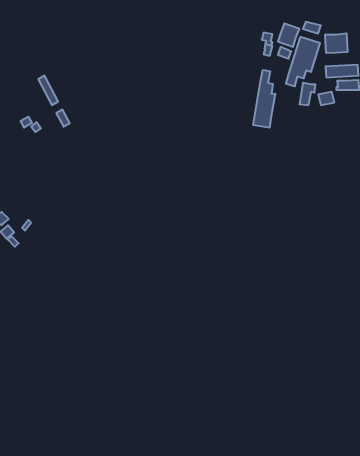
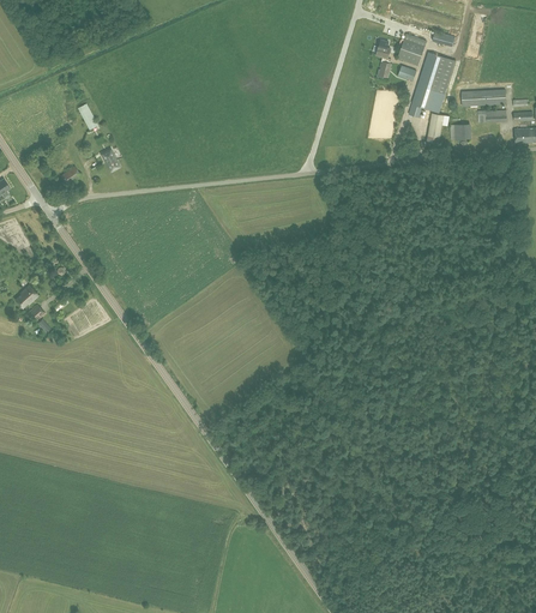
building: [325,33,348,53] -> none
building: [253,70,275,128] -> none

